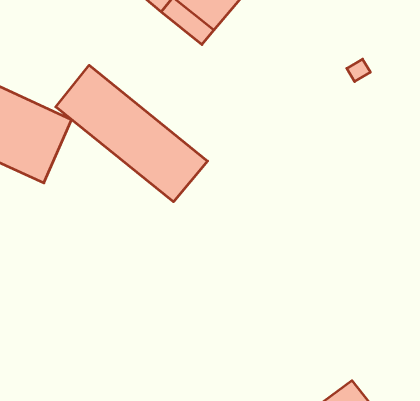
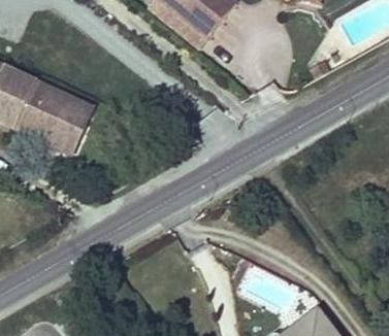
building: [56,65,208,202] -> none

